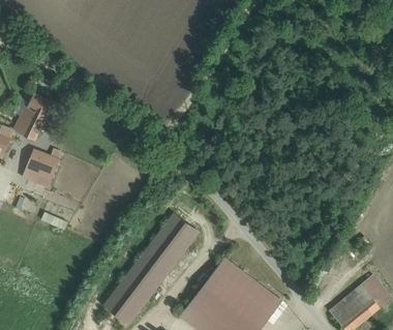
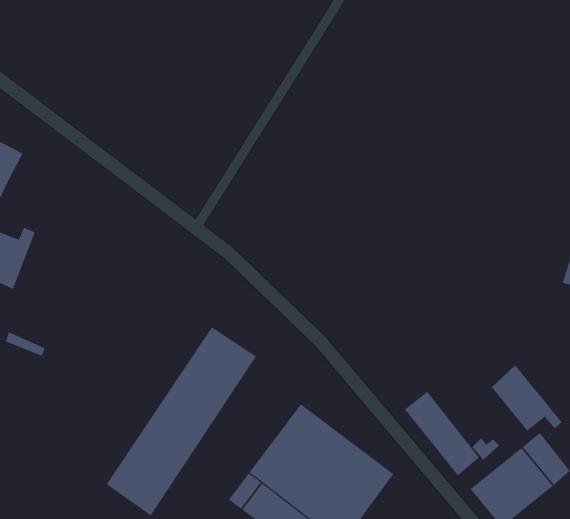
building: none -> [491,365,562,431]
building: none -> [404,391,480,476]

